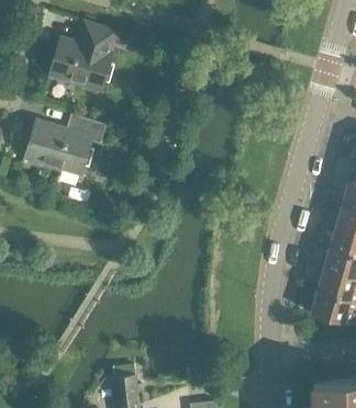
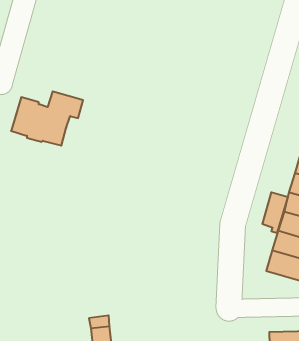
building: [49,22,116,91] -> none
building: none -> [262,192,288,233]

